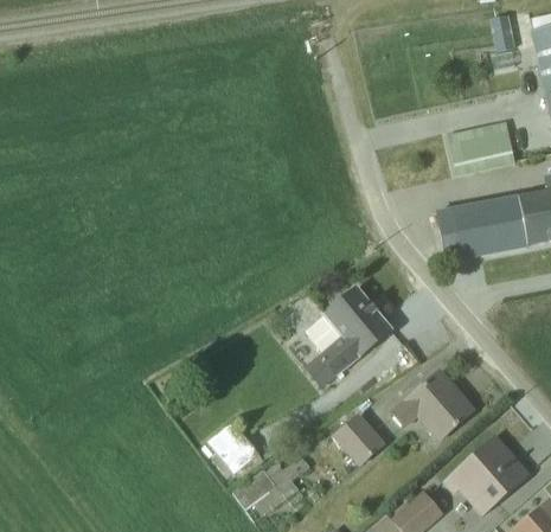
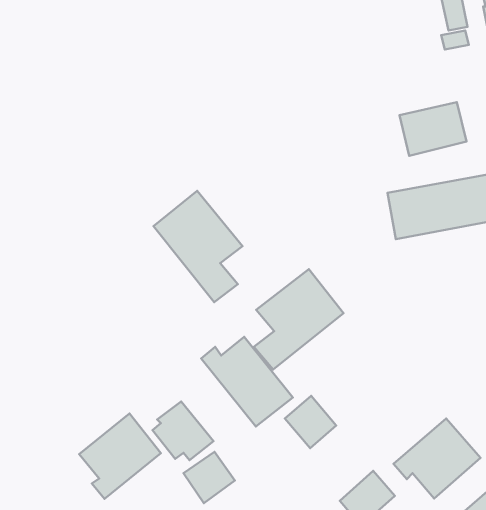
building: none -> [154,191,243,302]
building: none -> [201,337,293,427]
building: [392,370,472,440] -> none
building: none -> [79,414,161,499]

